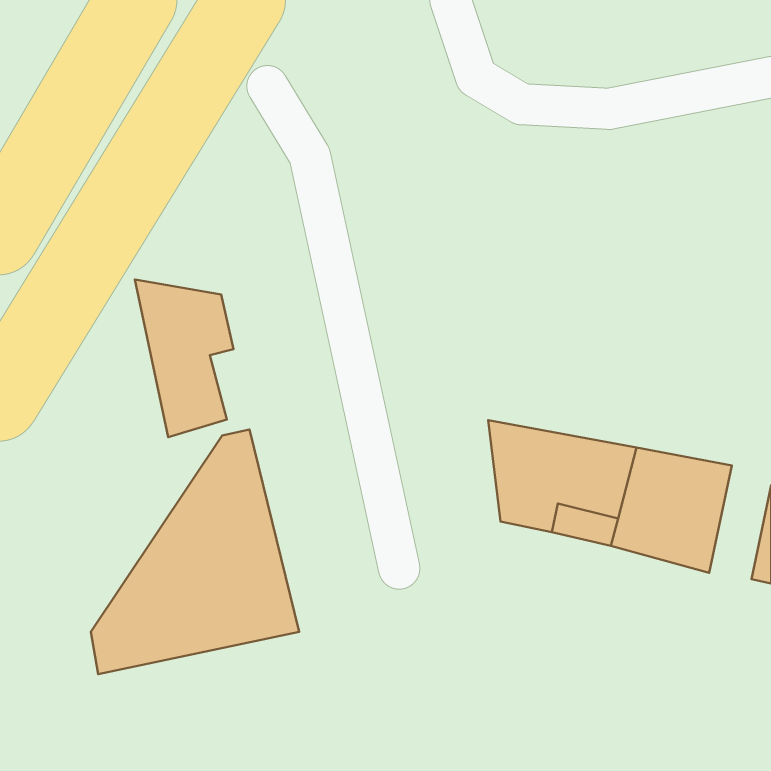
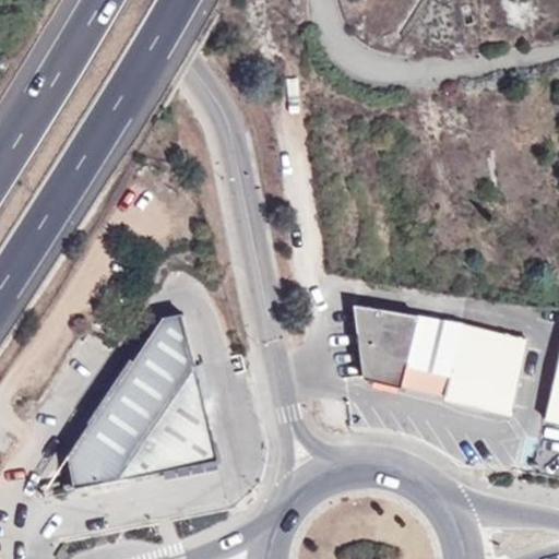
building: [135,280,234,437] -> none

